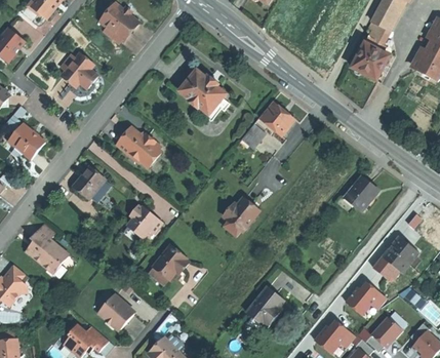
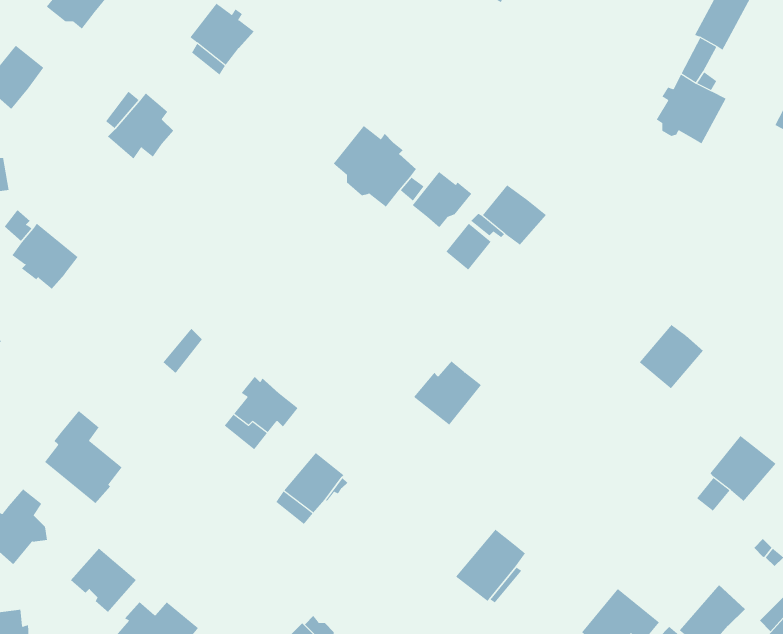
building: none -> [412,171,472,228]
building: [116,126,160,167] -> none
building: [73,166,104,197] -> none
building: [345,280,387,316] -> none
building: [97,295,133,330] -> [70,548,137,613]

